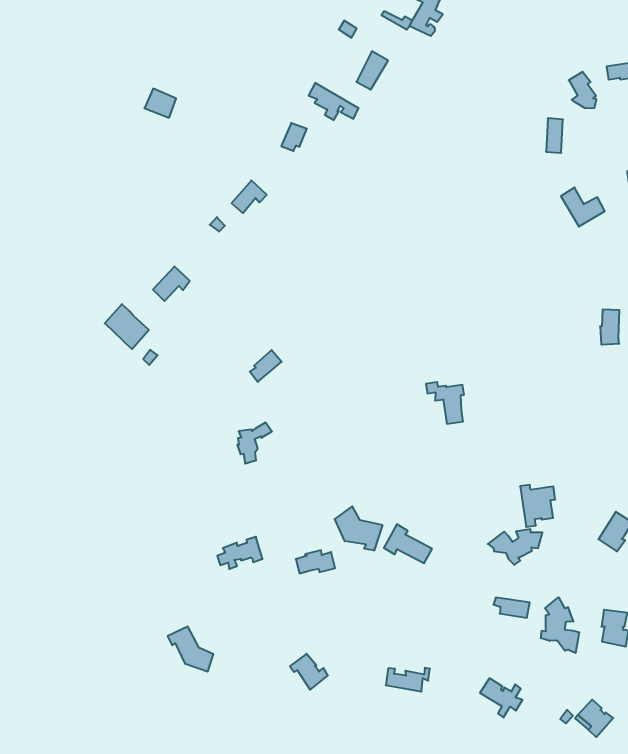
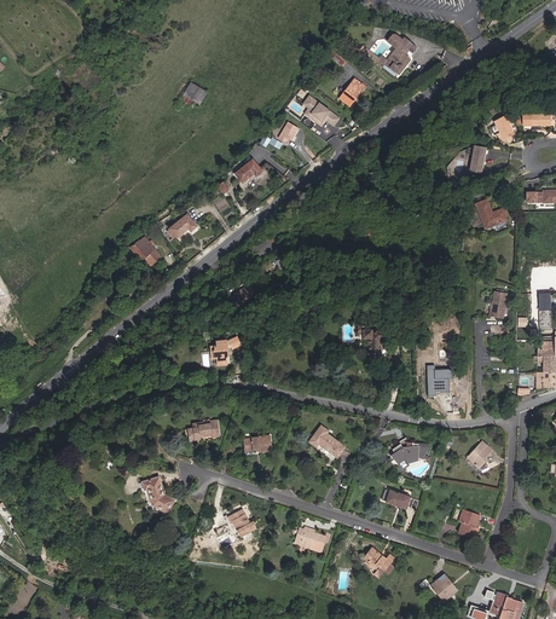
building: [520,485,555,527] -> [429,365,453,395]
building: [335,506,382,551] -> none
building: [541,597,579,653] -> none

